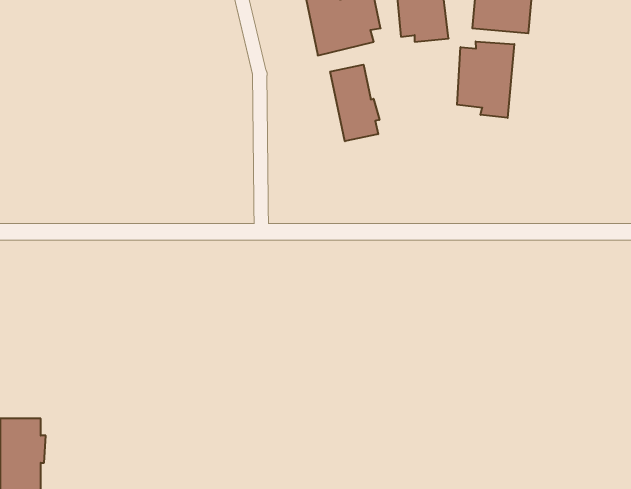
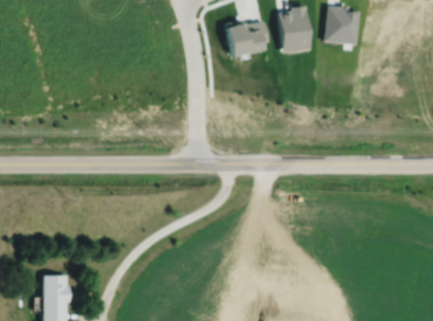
building: [457,41,514,118] -> none
building: [330,65,379,141] -> none

